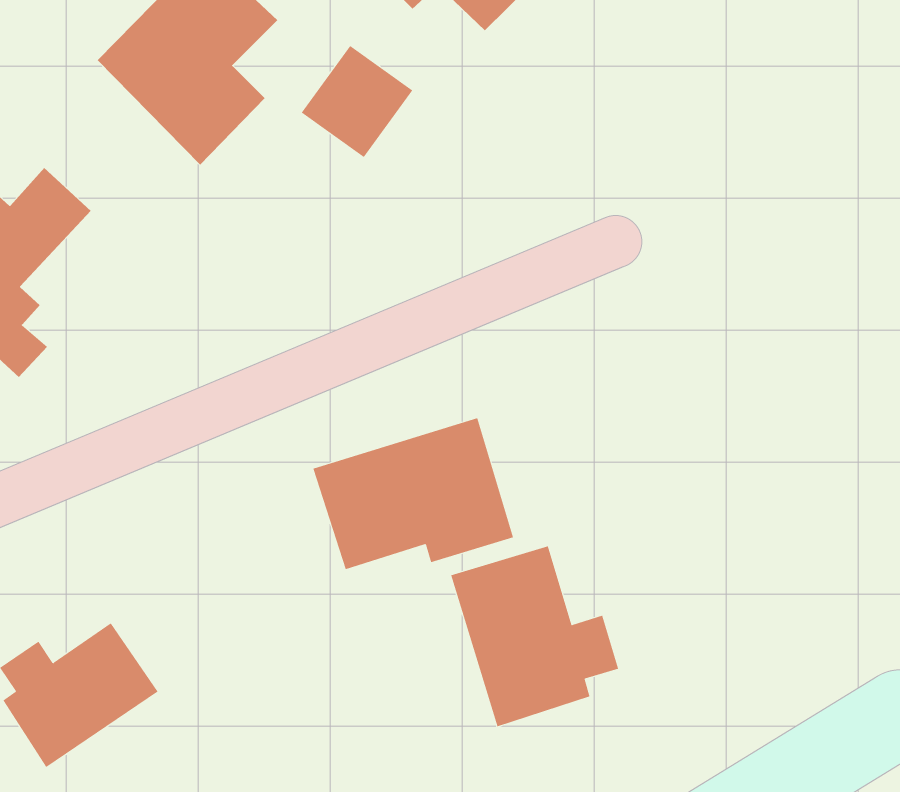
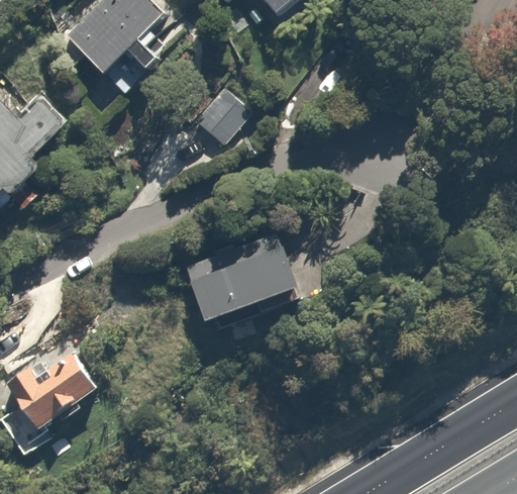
building: [301,45,413,158] -> [193,91,255,154]
building: [450,545,619,727] -> none

